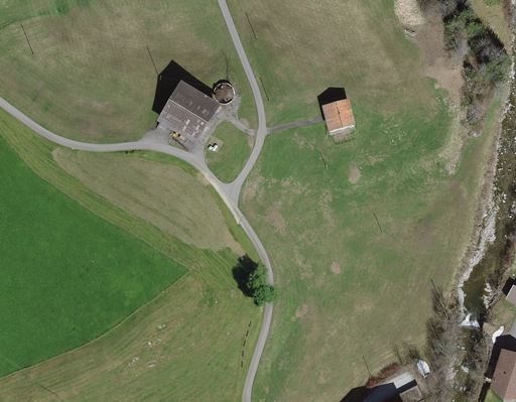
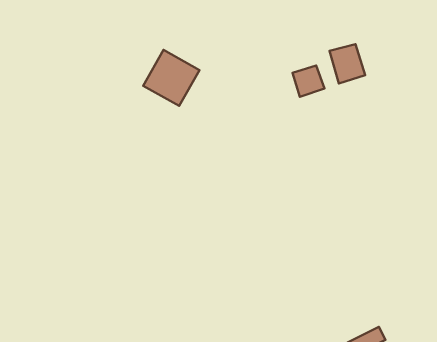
building: none -> [329,44,365,83]

